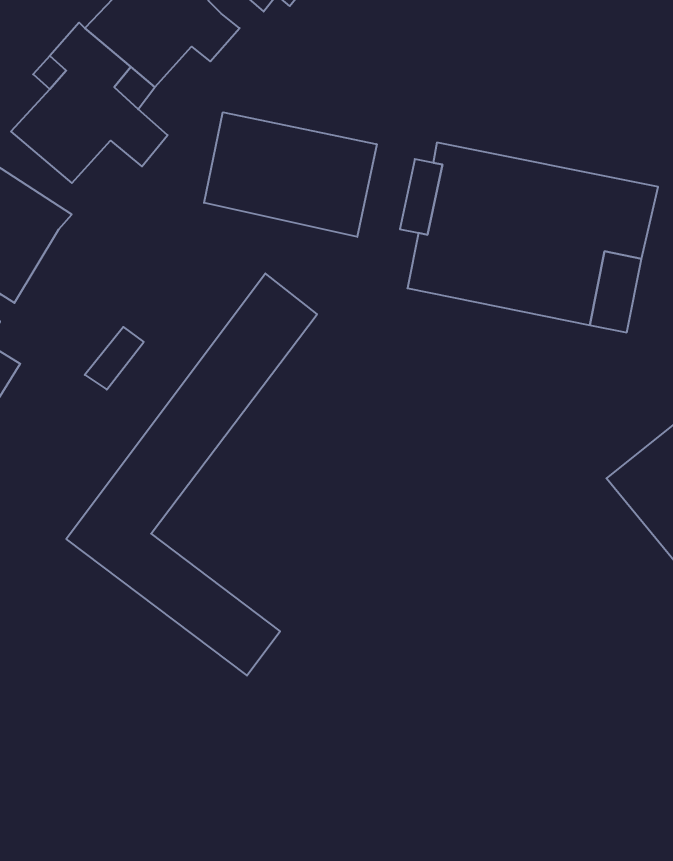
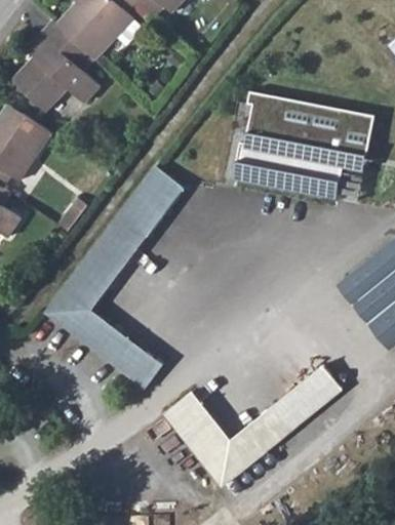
building: [204,112,377,237] -> none
building: none -> [164,364,342,484]

